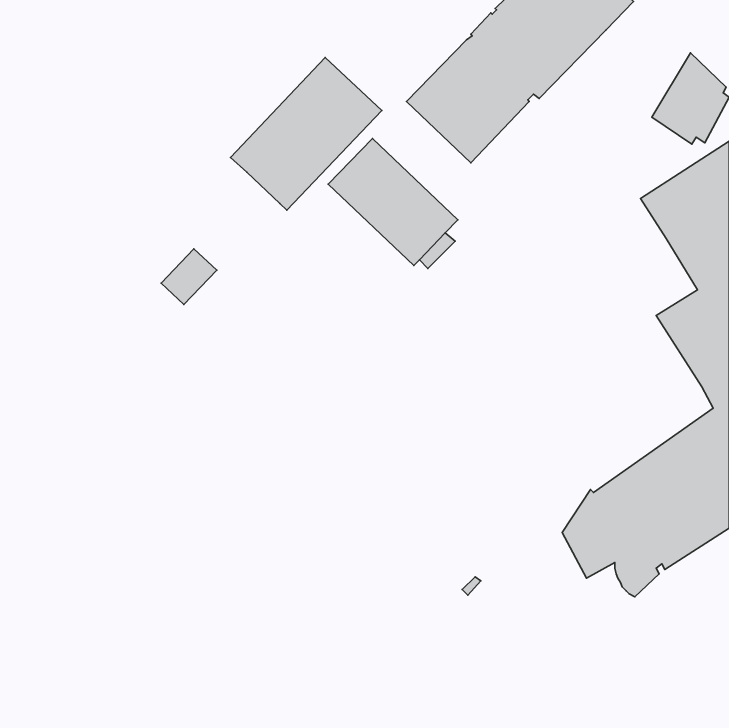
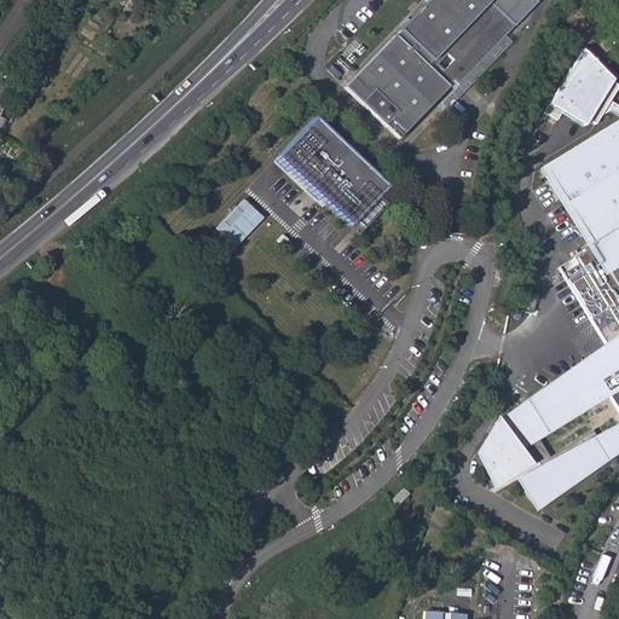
building: [230,58,382,210] -> none
building: [161,249,217,305] -> [216,198,264,245]

